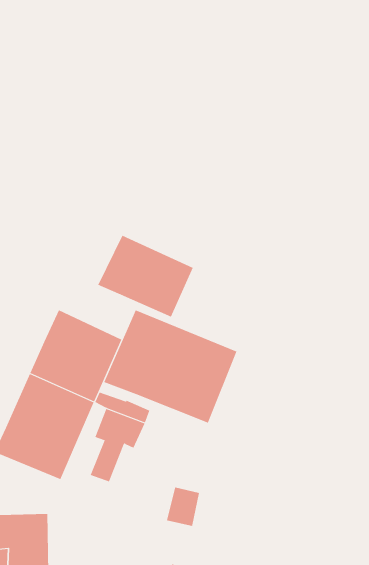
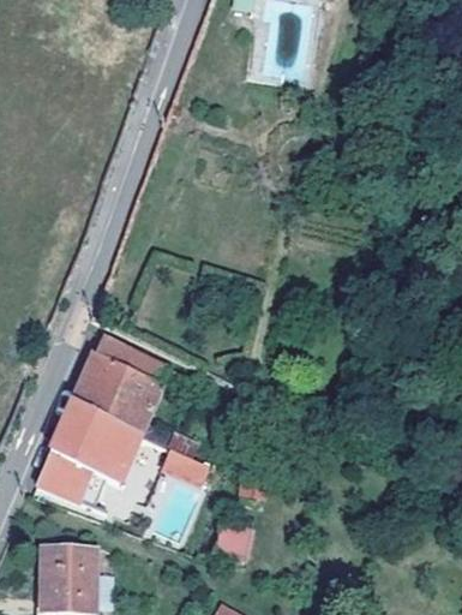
building: [98,235,193,318] -> none
building: [103,309,237,424] -> none

